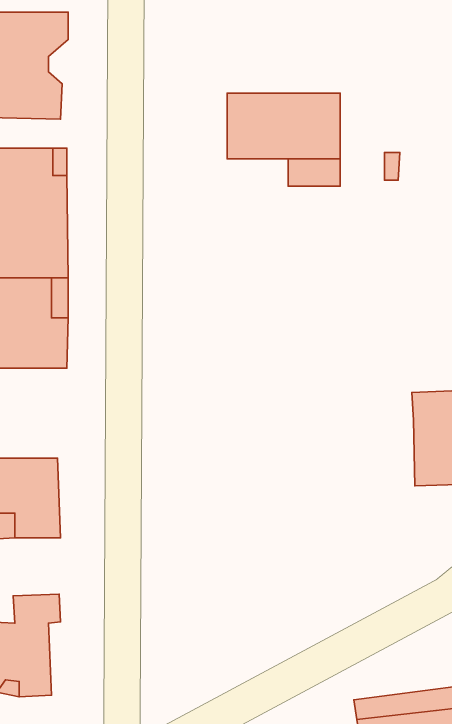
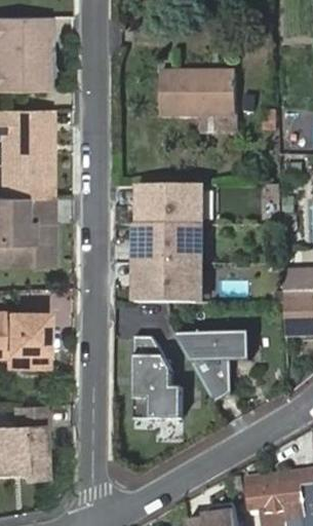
building: none -> [140,182,198,301]
building: none -> [171,332,257,404]
building: none -> [135,334,184,417]

